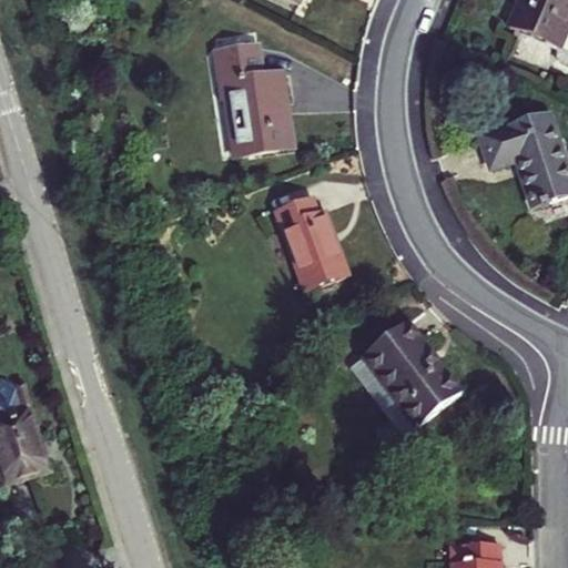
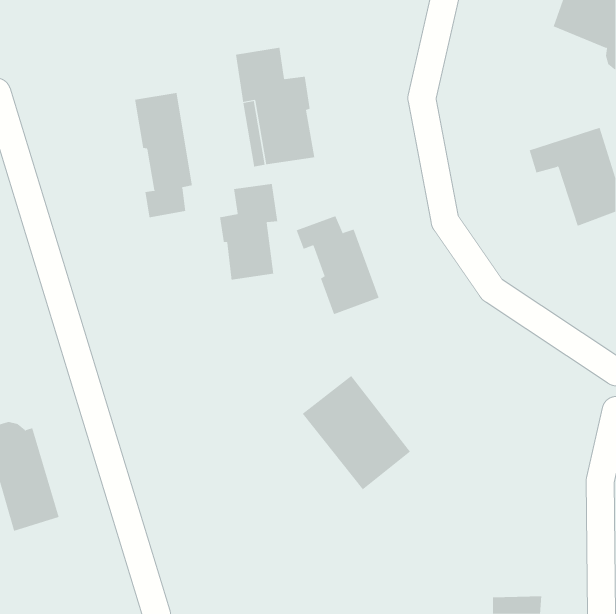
building: none -> [134,92,193,218]
building: none -> [219,183,278,281]
building: [359,321,459,426] -> [302,375,411,490]

